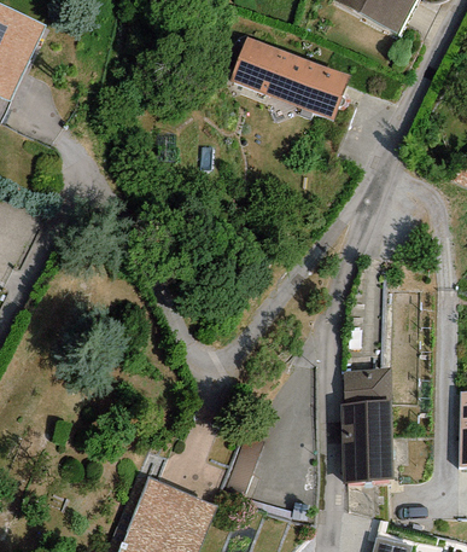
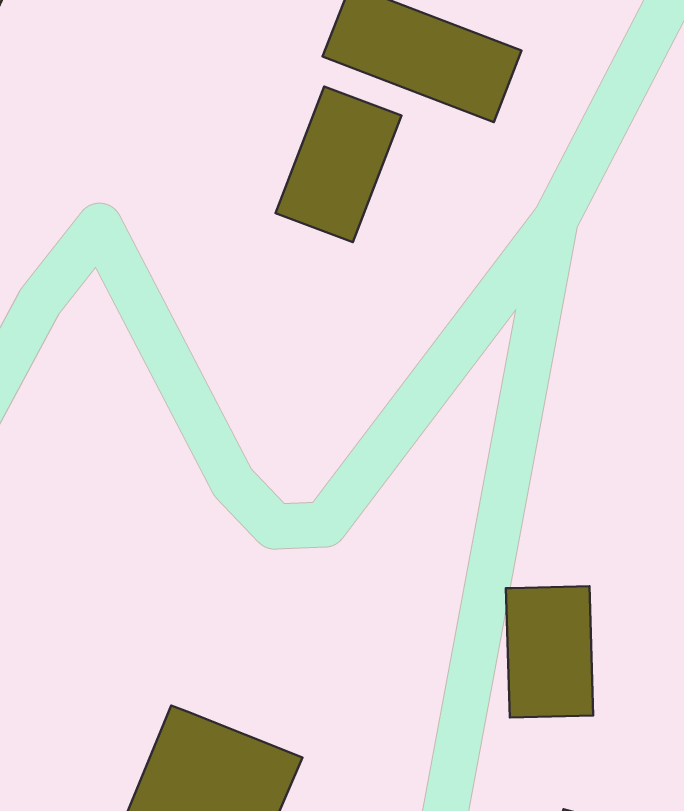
building: none -> [275,86,401,242]
building: [343,370,391,402] -> none

